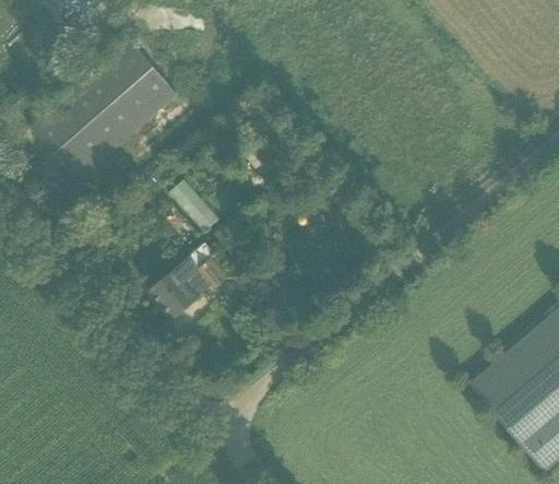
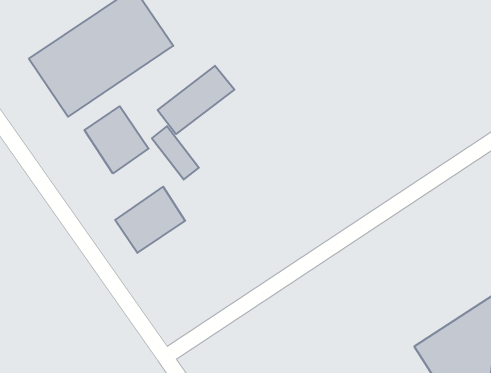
building: none -> [158,66,234,134]
building: none -> [85,106,149,173]

